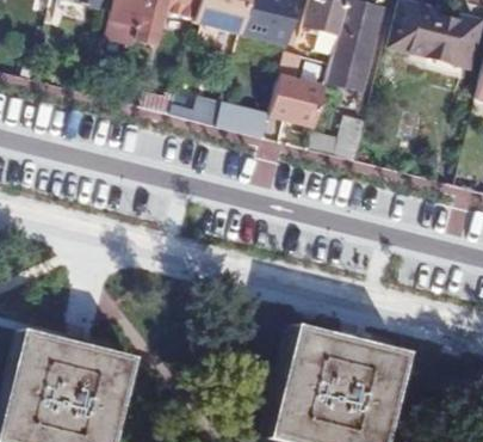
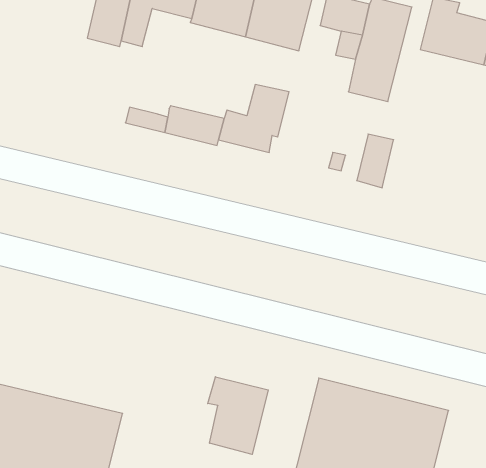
building: [270,76,326,129] -> none
building: none -> [208,377,268,454]

